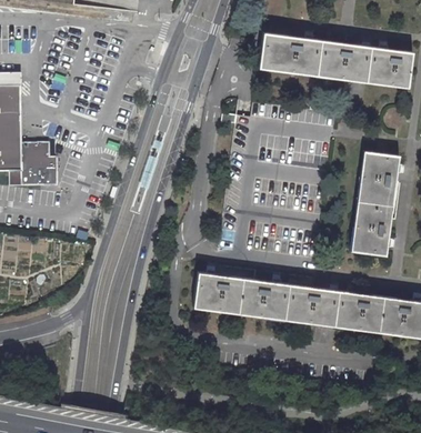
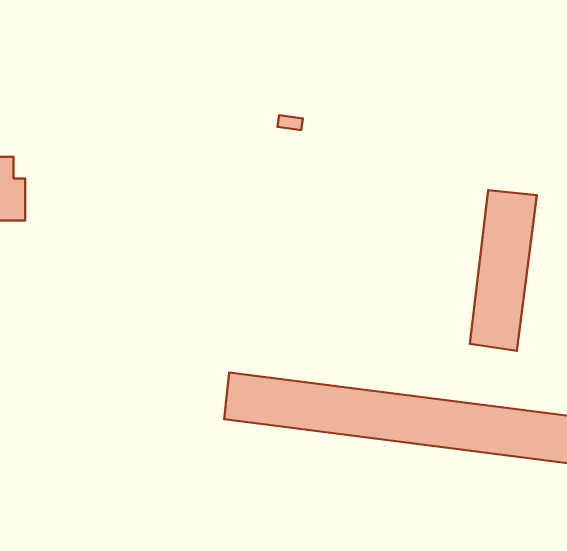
building: [253,39,410,88] -> none

